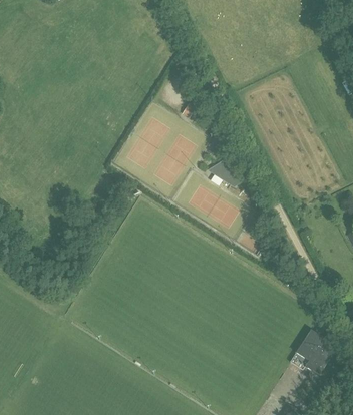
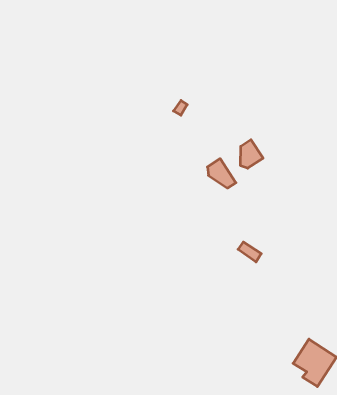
building: none -> [241,140,263,168]

